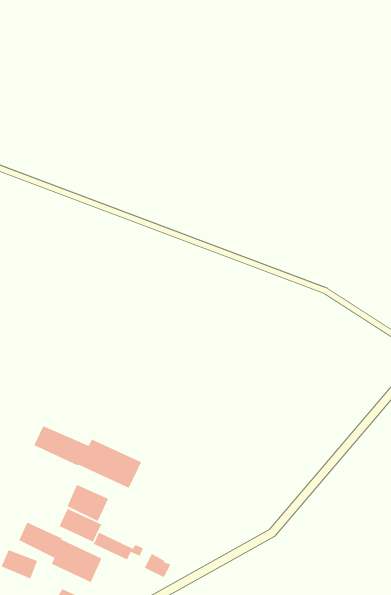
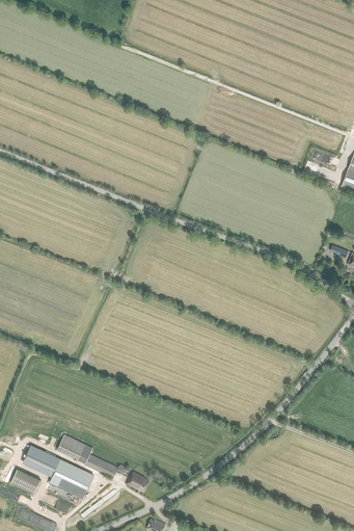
building: [33,425,142,489] -> none
building: [67,484,109,522] -> none

